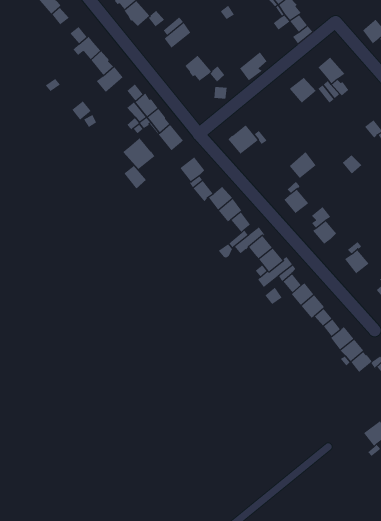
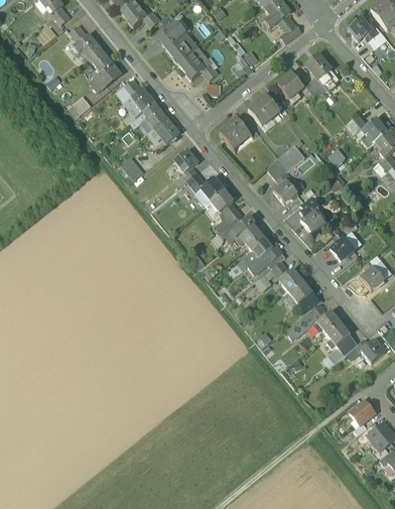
building: none -> [166,31,199,63]
building: none -> [249,95,280,126]
building: [123,137,155,170] -> none

